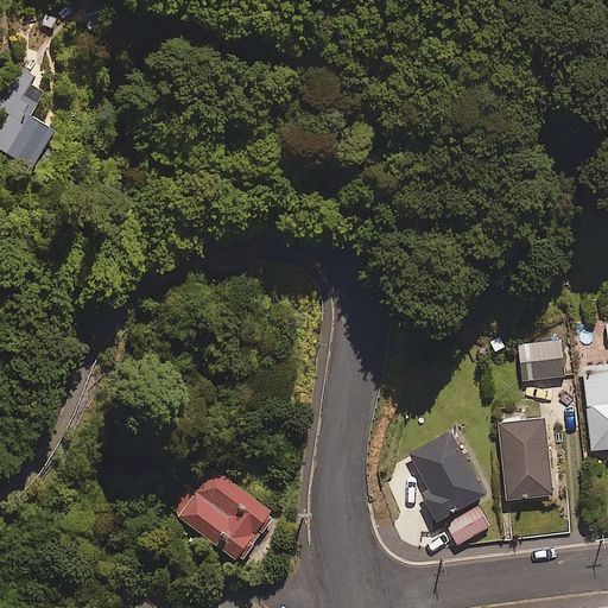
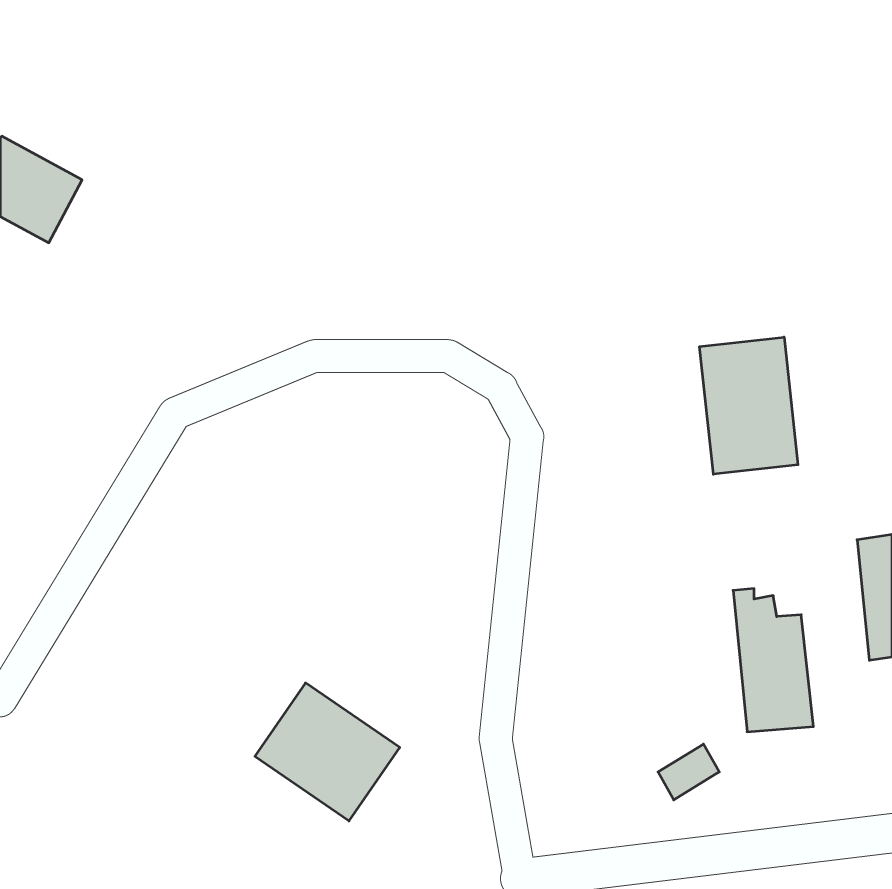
building: none -> [700,337,798,474]
building: [518,342,565,382] -> none
building: [411,435,483,522] -> none

